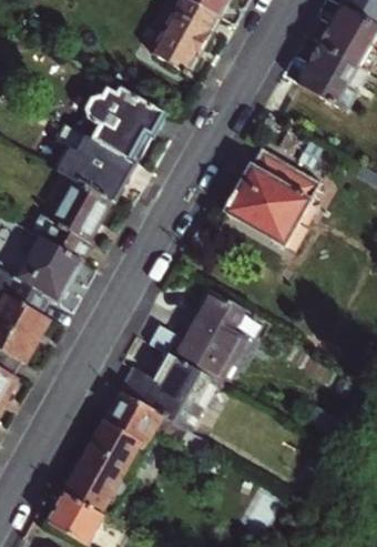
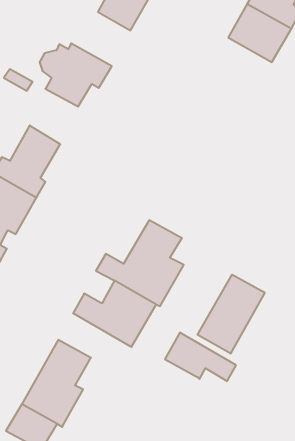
building: [59,132,136,201] -> none
building: [223,148,319,245] -> none
building: none -> [198,275,265,354]
building: [105,389,185,444] -> [165,333,236,381]

